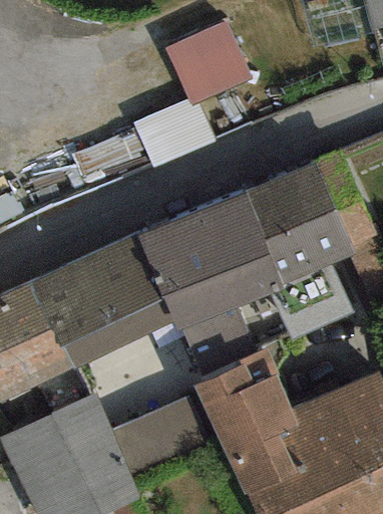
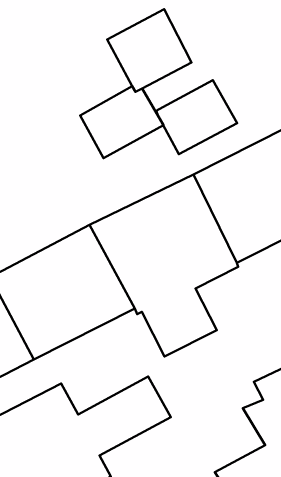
building: none -> [156,80,237,154]
building: [193,347,299,497] -> none

